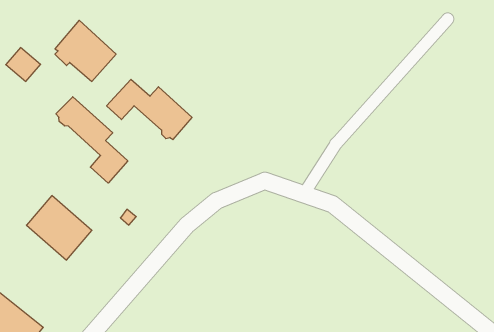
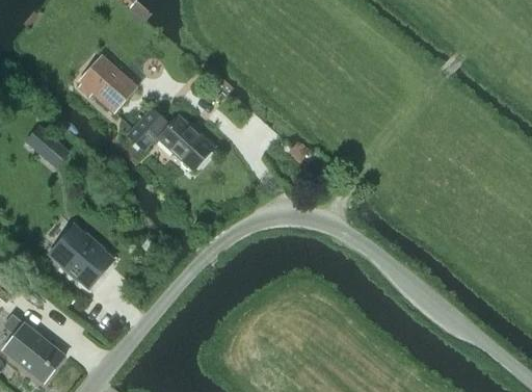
building: [6,48,41,81] -> [36,134,71,167]
building: [56,97,128,183] -> none

